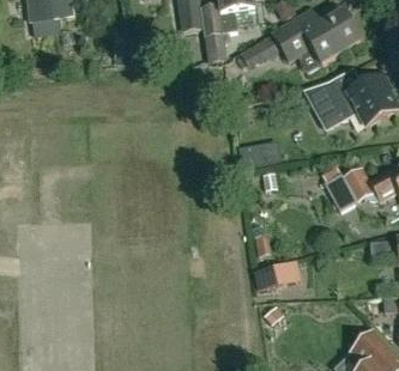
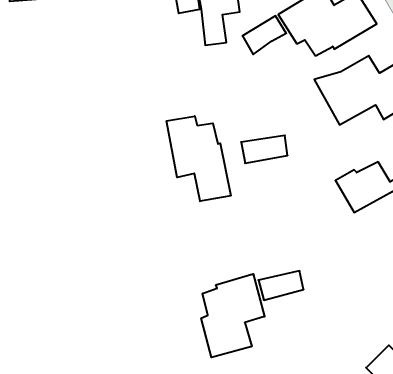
building: none -> [167,116,231,201]
building: none -> [201,274,265,357]

